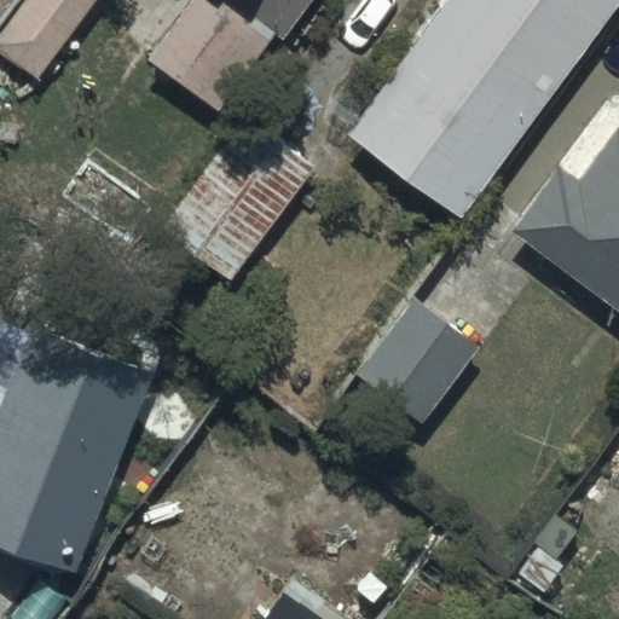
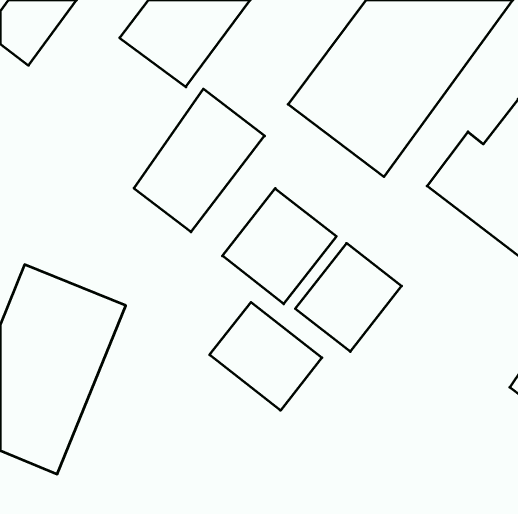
building: none -> [222,188,336,304]
building: none -> [210,302,322,410]

